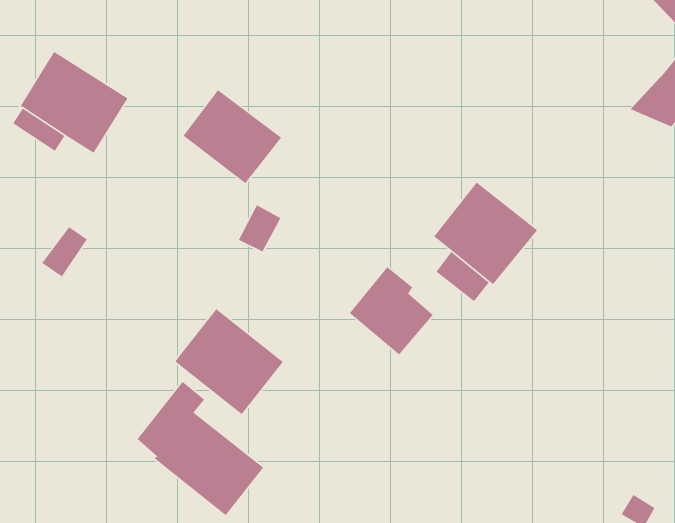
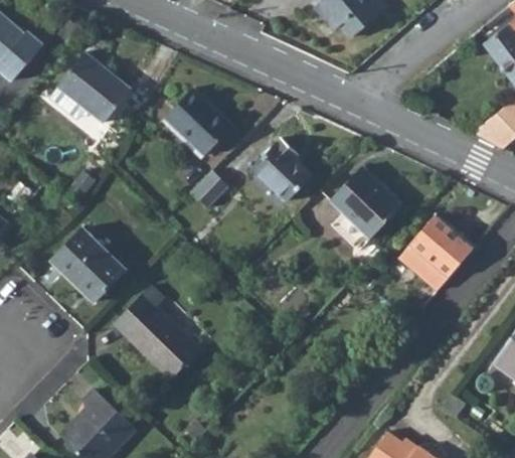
building: none -> [395,213,470,289]
building: [349,266,434,356] -> [250,143,308,204]
building: [174,308,284,415] -> [50,228,125,303]

